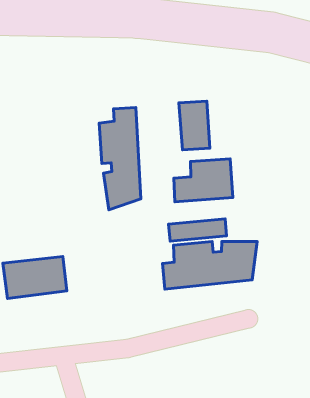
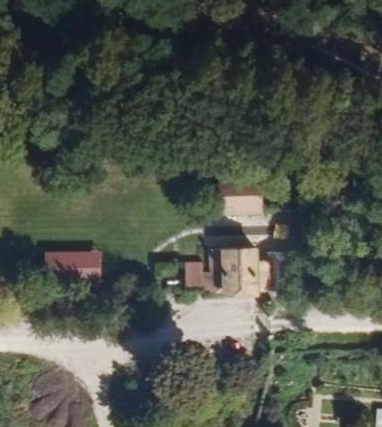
building: [179,101,210,150] -> none
building: [99,107,141,210] -> none

